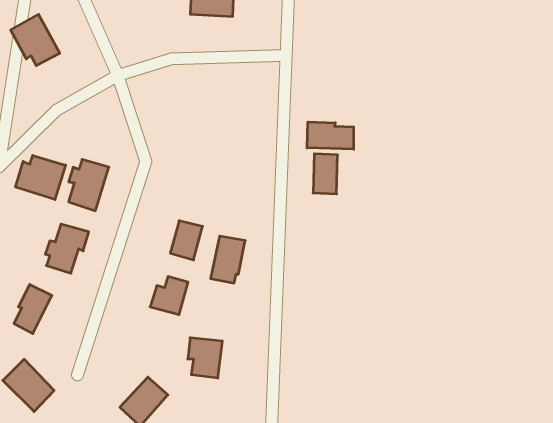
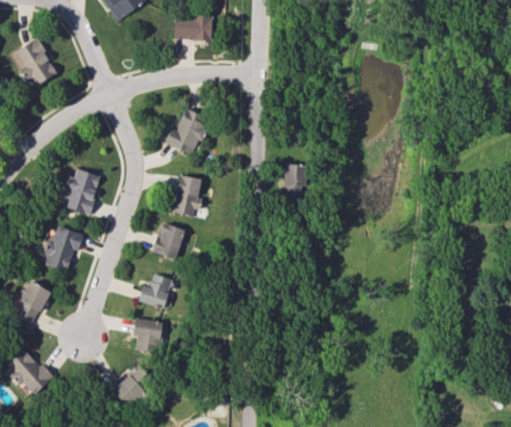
building: none -> [164,108,208,157]
building: [307,122,354,149] -> none
building: [16,155,66,200] -> none
building: [211,236,245,283] -> [172,175,203,217]
building: [188,338,222,378] -> [132,318,163,354]

